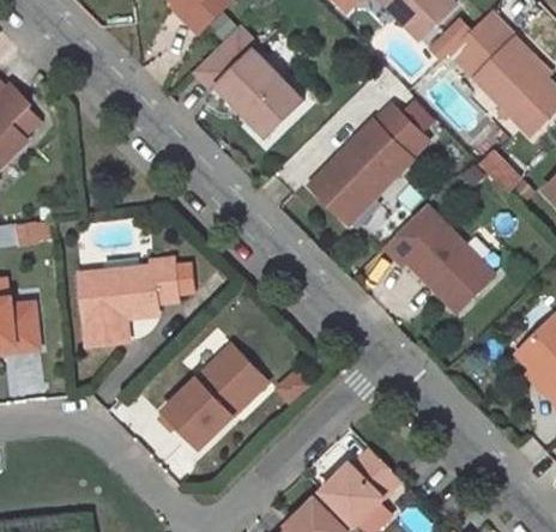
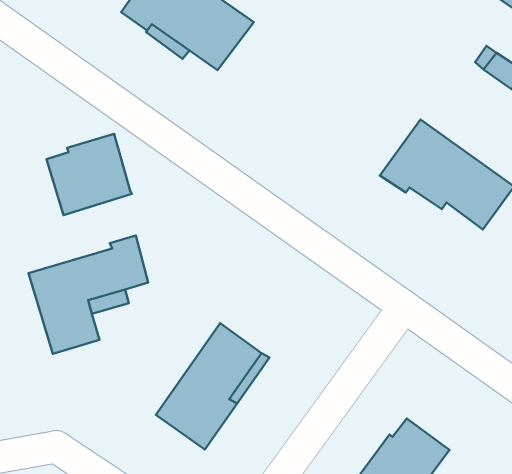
building: [310,108,428,224] -> none
building: none -> [47,134,132,215]

